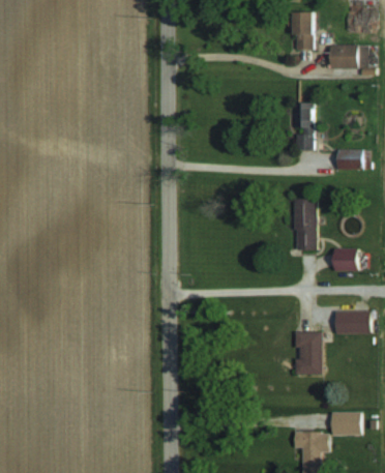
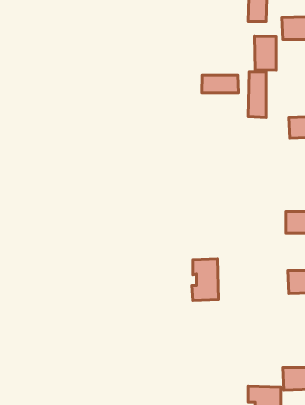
building: none -> [254,36,276,70]
building: none -> [202,75,238,93]
building: [294,199,317,250] -> none
building: [293,331,321,375] -> [192,259,218,300]

